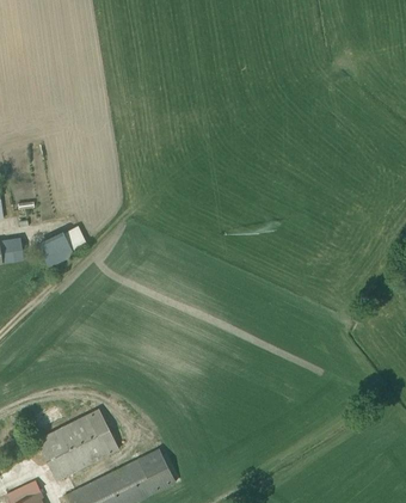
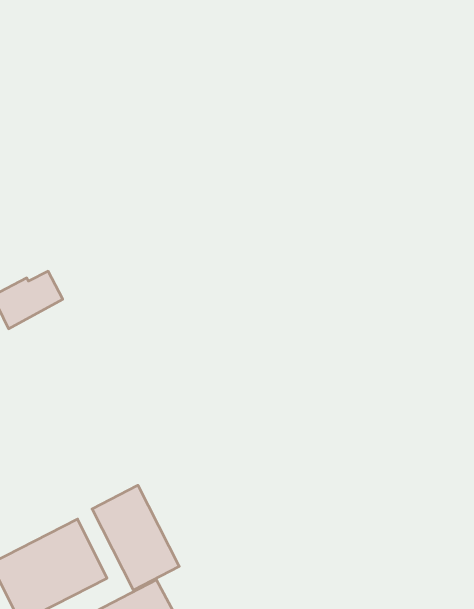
building: none -> [92,485,179,590]

